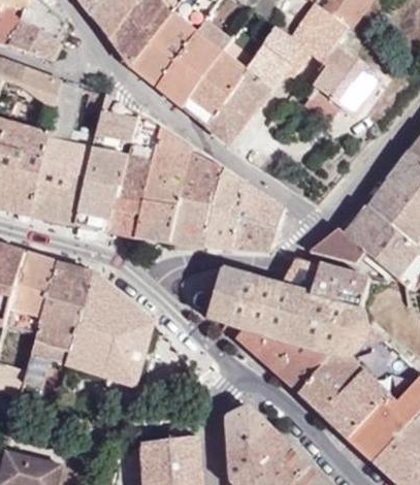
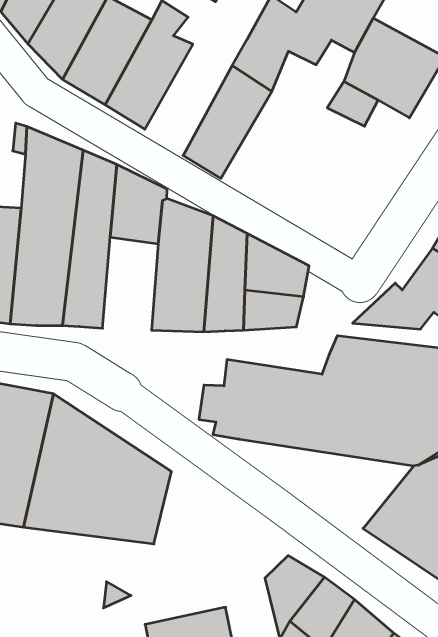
building: [180,34,256,125] -> none
building: [135,174,180,240] -> none
building: [219,321,334,391] -> none

